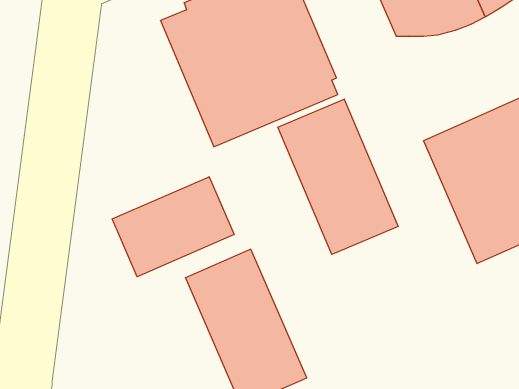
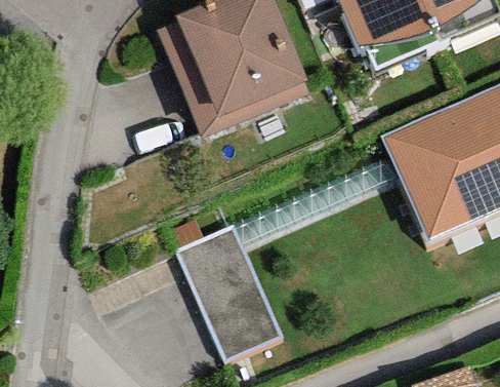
building: [278,99,398,254] -> none
building: [112,177,234,277] -> none

